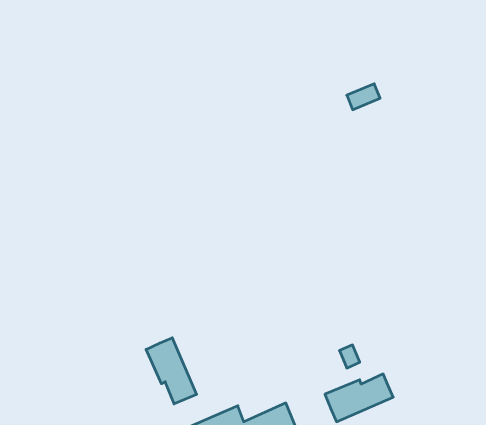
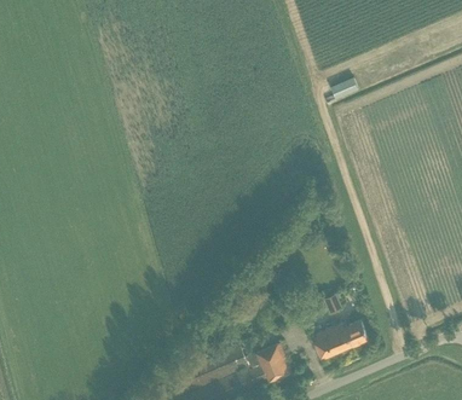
building: [146,338,197,404] -> none

